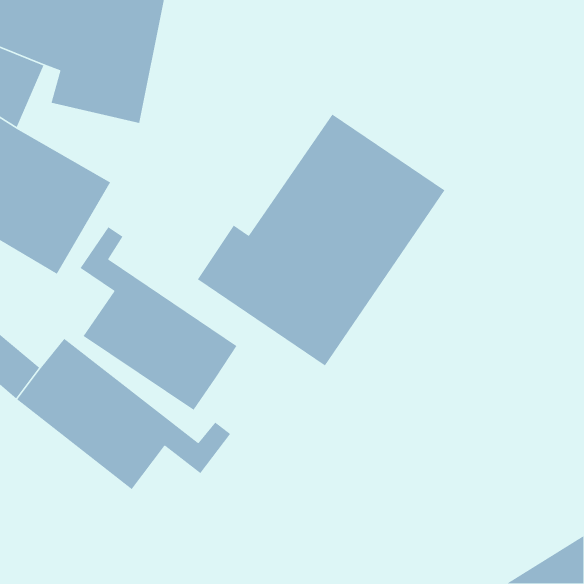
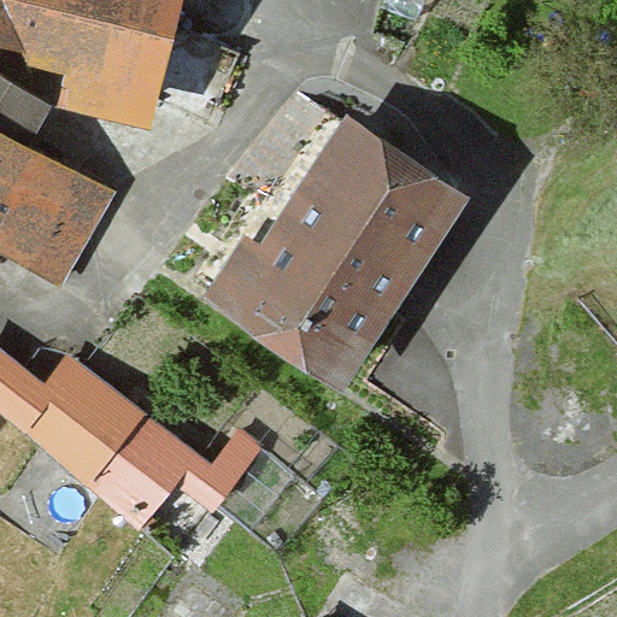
building: [80,226,238,411] -> none

